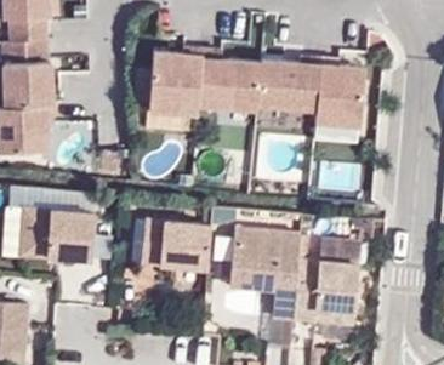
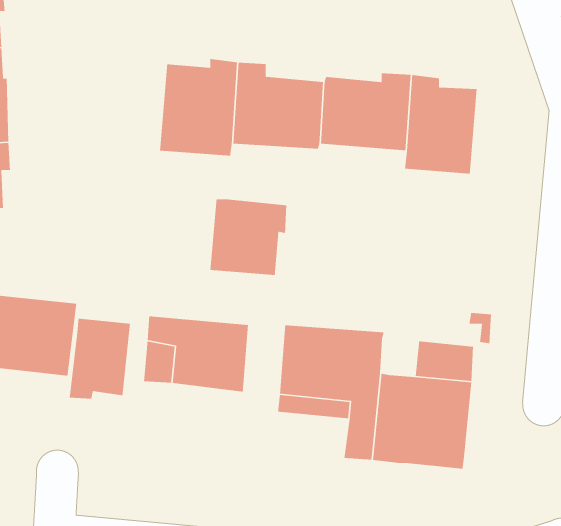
building: none -> [209,198,287,276]
building: none -> [69,318,131,399]

